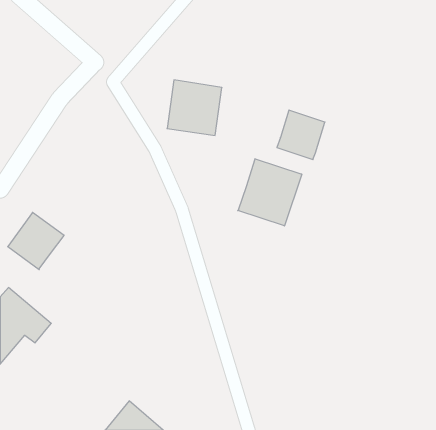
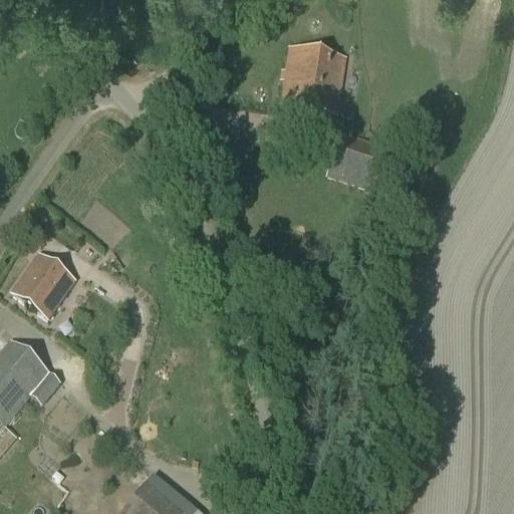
building: [167,80,222,135] -> [281,45,345,110]
building: [238,159,302,226] -> none

